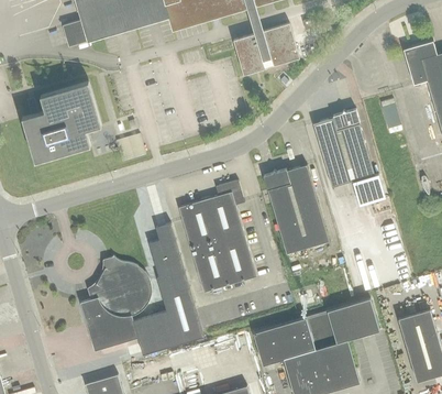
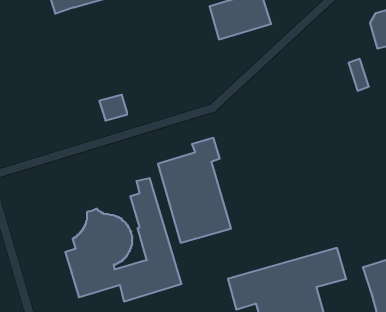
building: [24,83,101,161] -> none
building: [313,109,386,206] -> none
building: [263,165,329,254] -> none

